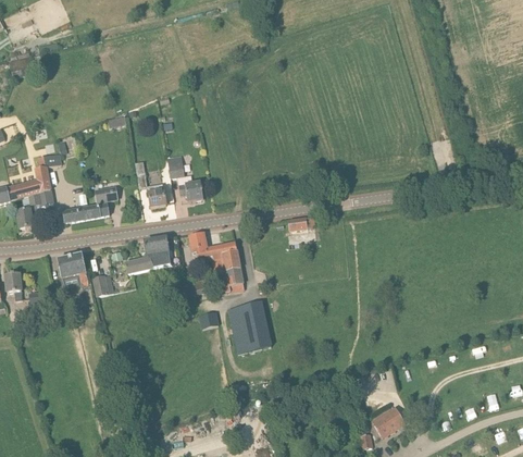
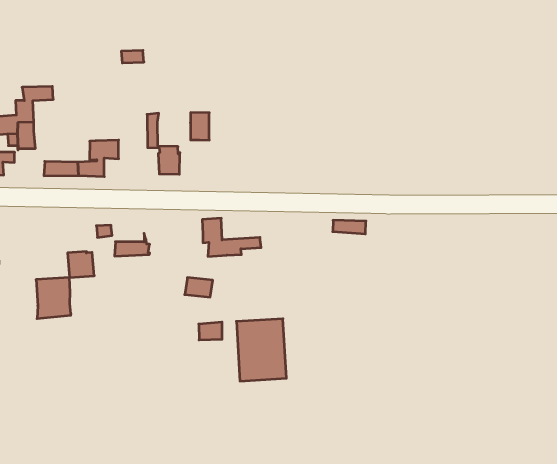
building: [177,174,203,200] -> none
building: [145,237,171,267] -> none
building: [212,249,244,293] -> none
building: [58,254,88,288] -> [36,278,71,319]

